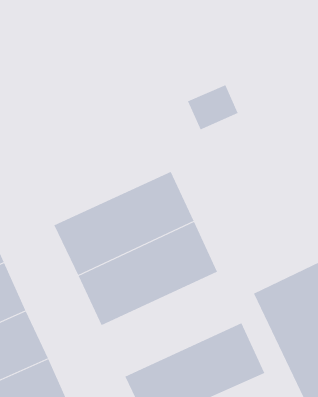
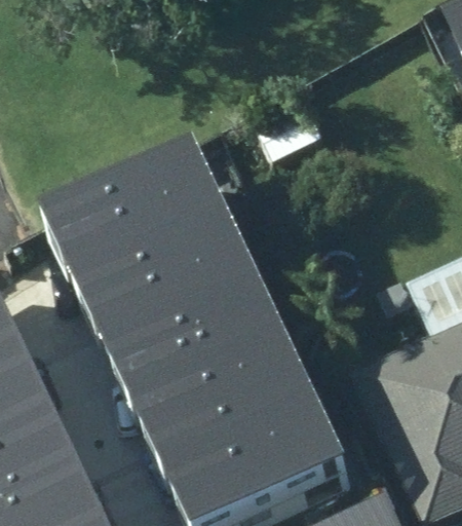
building: none -> [53,154,233,288]
building: none -> [144,347,323,481]

